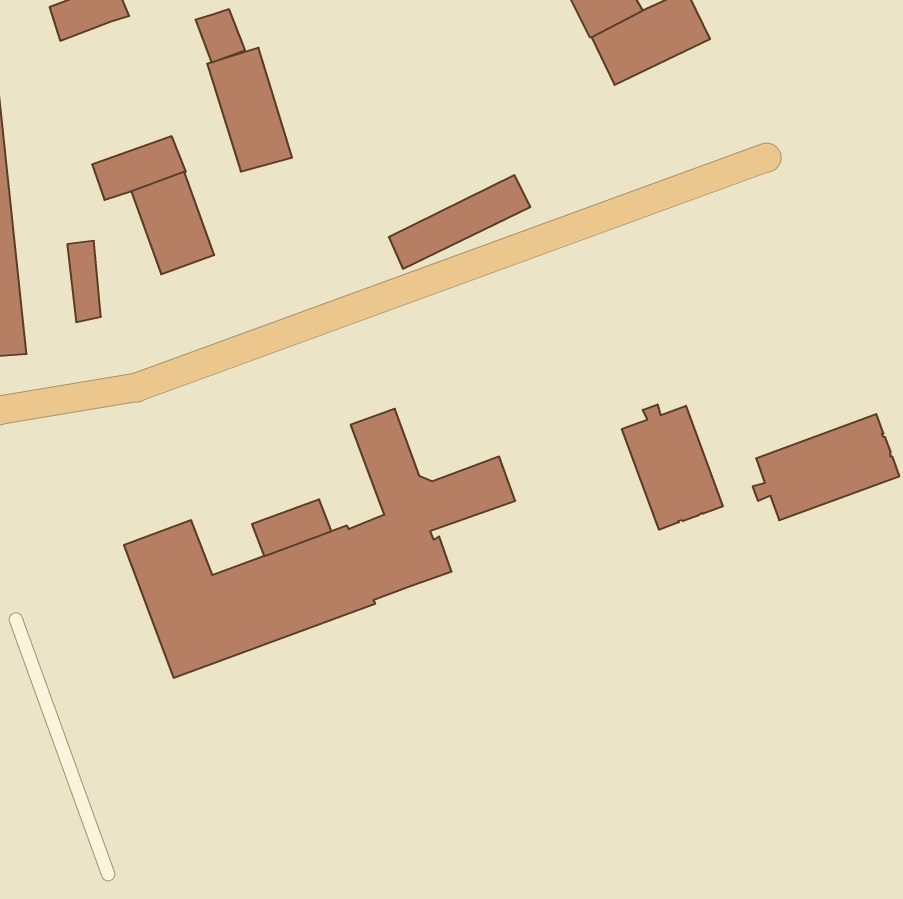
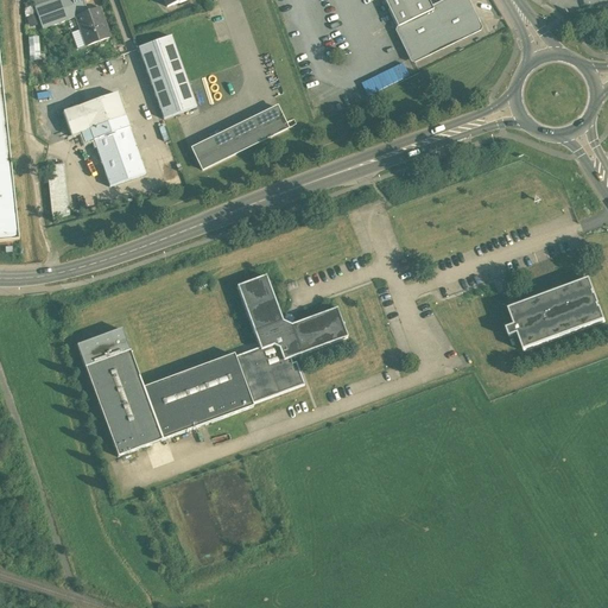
building: [195,9,245,62] -> [75,7,108,43]
building: [389,175,530,269] -> [191,104,286,167]
building: [622,404,723,530] -> none
building: [252,499,332,556] -> [75,328,128,366]

